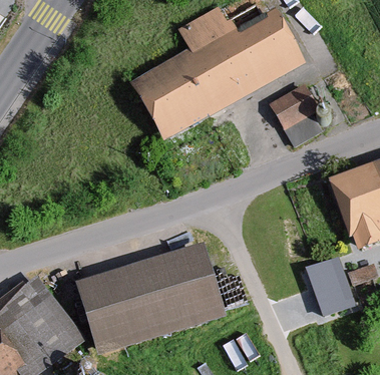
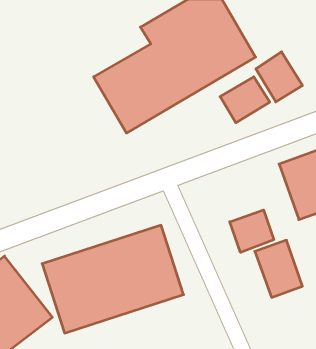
building: none -> [256,52,302,102]
building: none -> [230,210,274,252]

